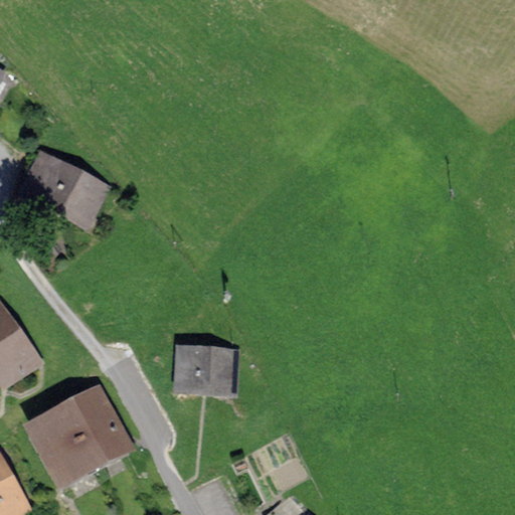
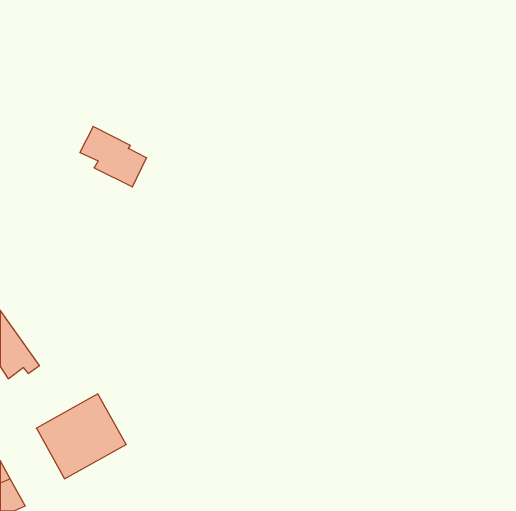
building: [31,155,98,215] -> [80,126,147,187]
building: [180,347,231,387] -> none

